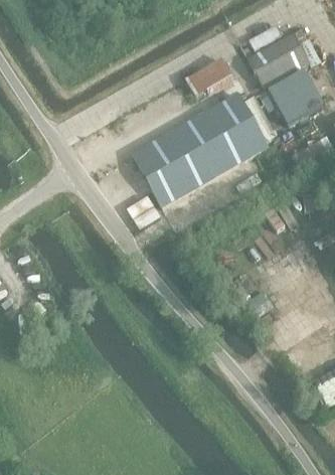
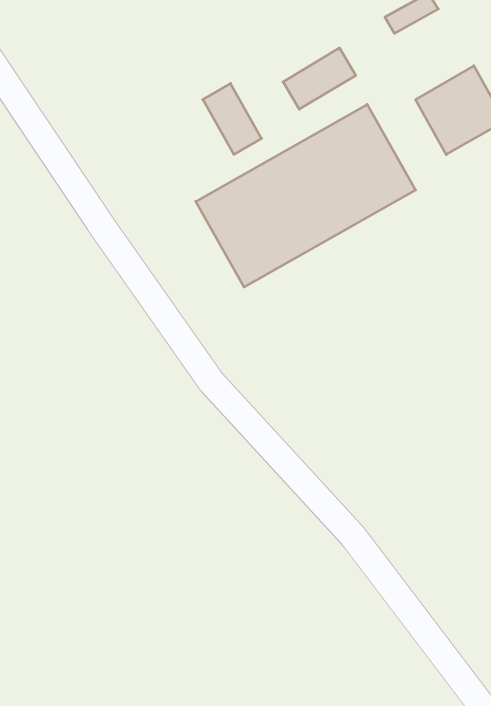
building: [248,32,309,86] -> none
building: none -> [203,83,262,154]

